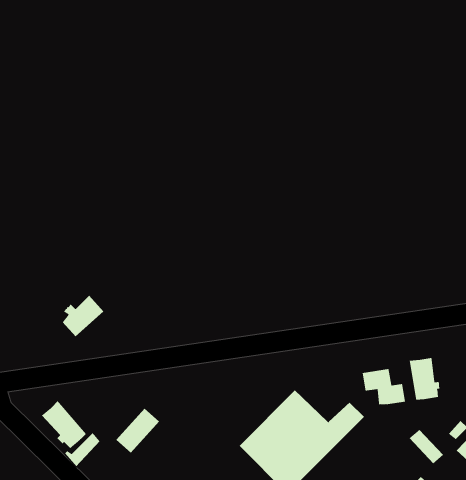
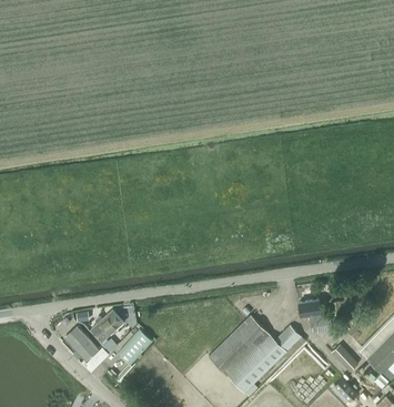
building: [62,295,104,337] -> [93,309,124,340]
building: [409,357,440,401] -> none

